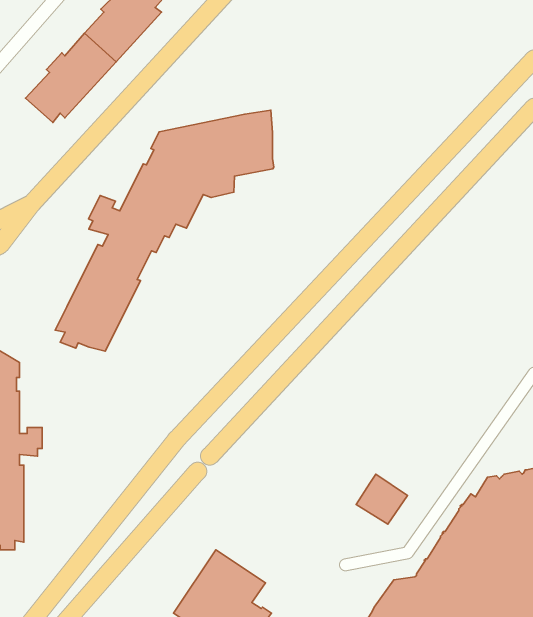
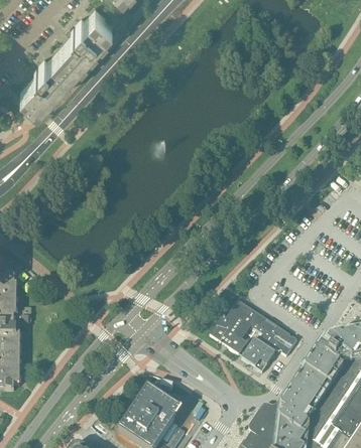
building: [55,110,274,351] -> none
building: none -> [209,299,295,354]

